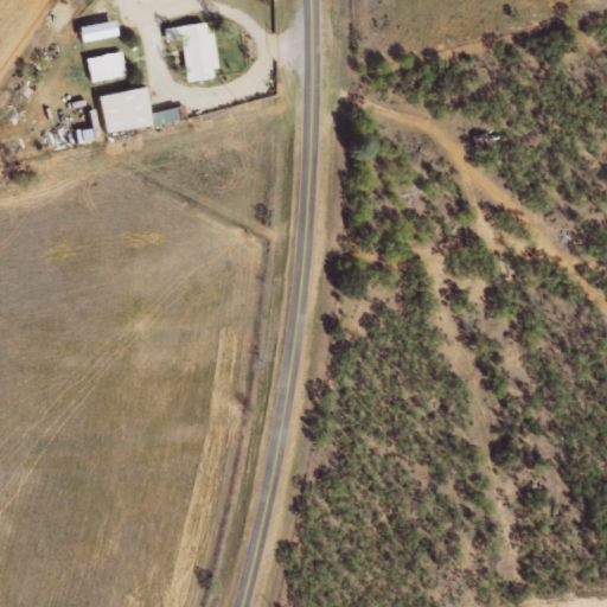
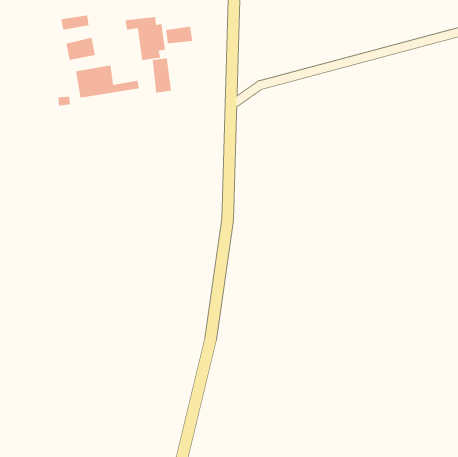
building: none -> [165,26,193,44]
building: none -> [152,58,172,93]

